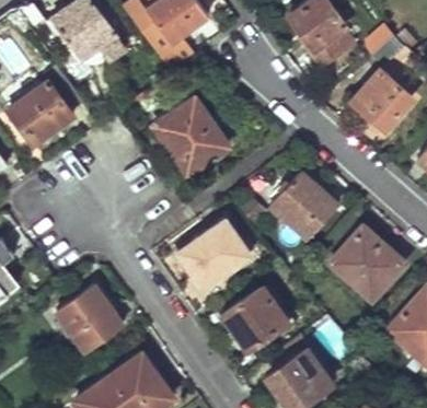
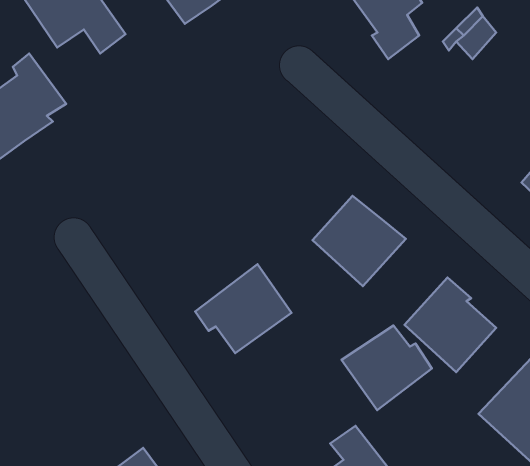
building: [353,71,413,130] -> none
building: [153,97,229,166] -> none
building: [58,284,122,351] -> none
building: [220,290,287,352] -> [341,326,432,410]

